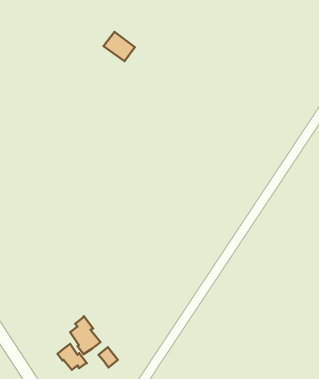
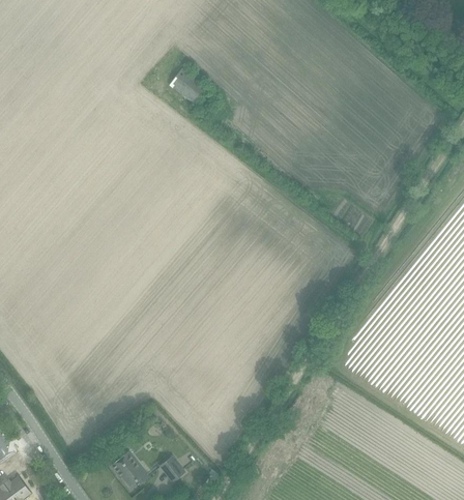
building: [70,316,100,354] -> none

